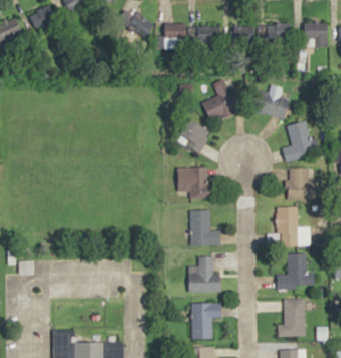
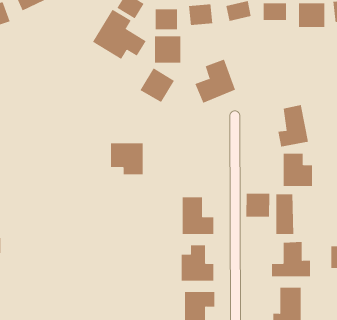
building: none -> [92,9,146,60]
building: none -> [155,35,181,63]
building: [249,85,288,118] -> none
building: [176,120,210,154] -> [140,67,175,103]
building: [176,168,208,199] -> [110,143,144,175]
building: none -> [246,193,270,217]

